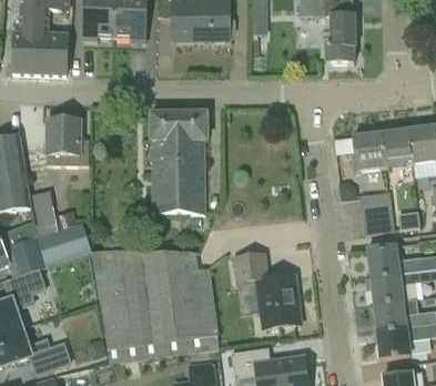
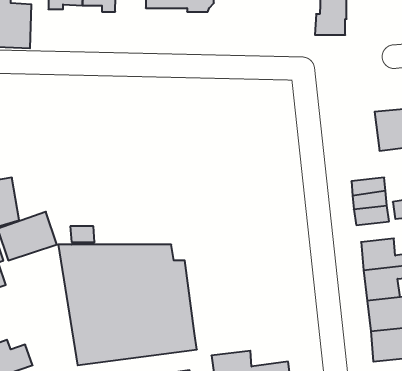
building: [151,112,206,213] -> none
building: [45,119,89,164] -> none
building: [352,131,385,170] -> none
building: [233,253,297,326] -> none

